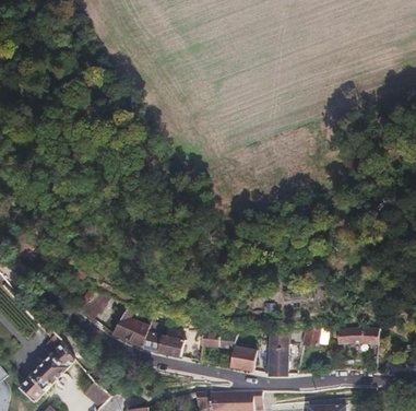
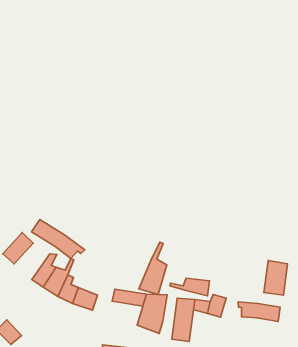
building: none -> [31,219,85,259]
building: none -> [139,242,167,295]
building: none -> [264,261,287,295]
building: none -> [170,278,209,296]

